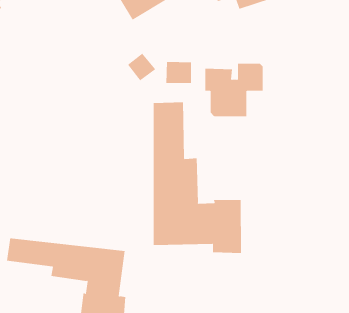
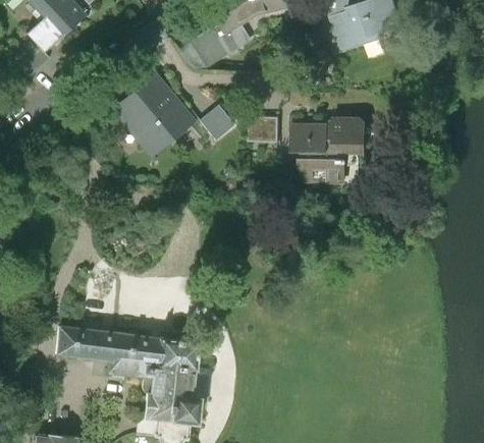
building: none -> [119,80,186,148]
building: [153,101,241,254] -> none

